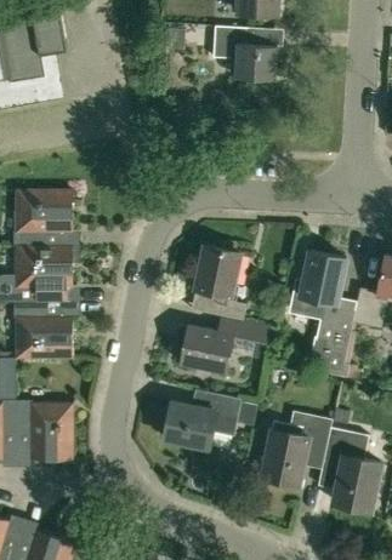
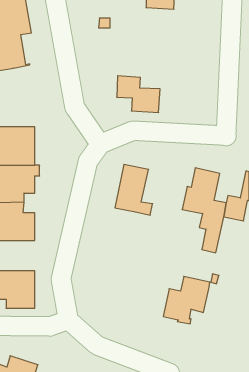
building: [212,25,277,80] -> [117,76,160,113]
building: [180,315,275,372] -> none
building: [164,392,260,447] -> none
building: [318,427,380,510] -> none

